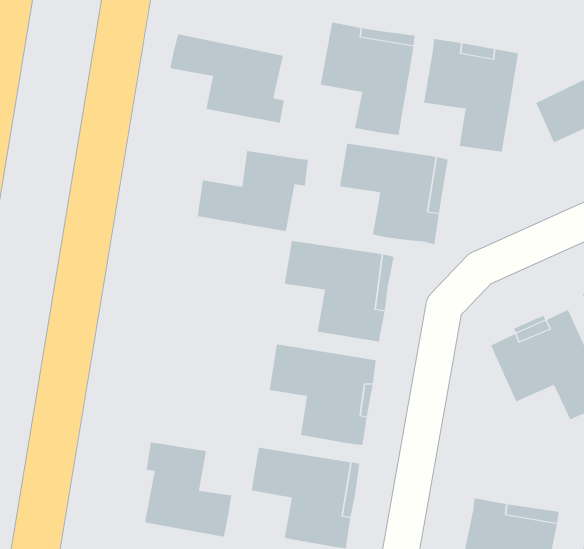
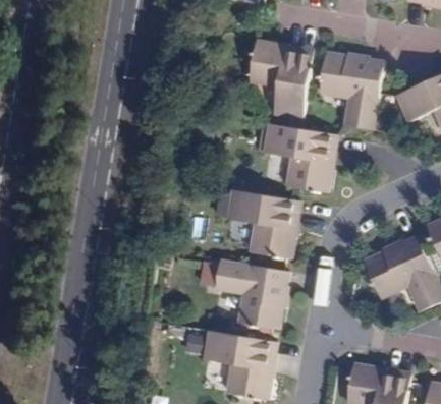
building: [170,33,285,124] -> none
building: [197,150,308,232] -> none
building: [145,441,232,537] -> none

